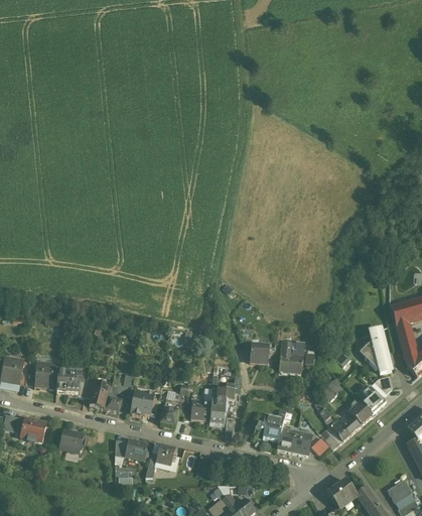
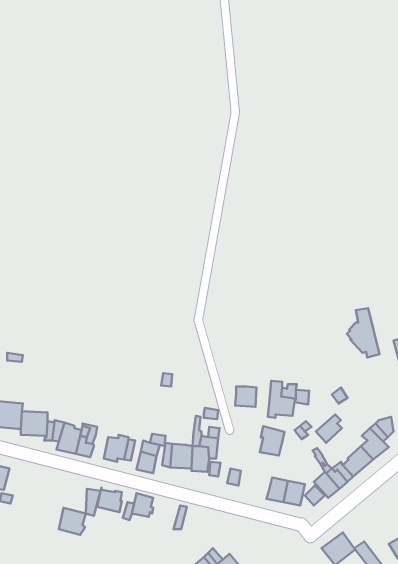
building: [362,328,391,372] -> [347,308,379,357]
building: [262,415,284,441] -> [260,426,285,456]
building: [59,428,84,453] -> [59,508,86,535]

